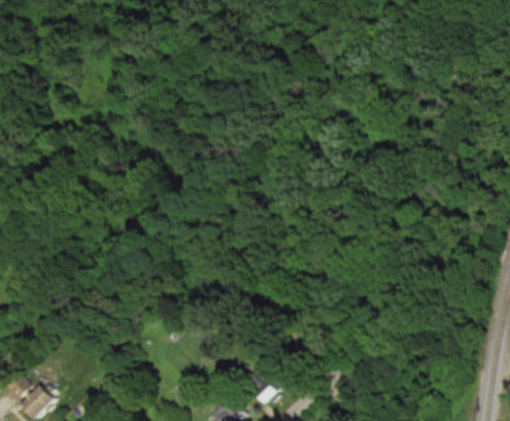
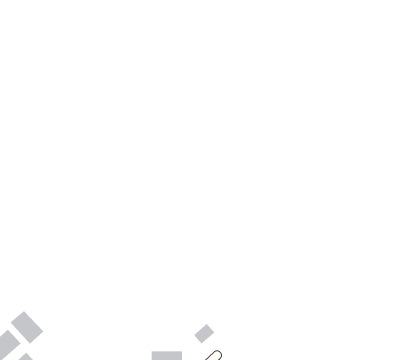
building: none -> [9,310,44,344]

